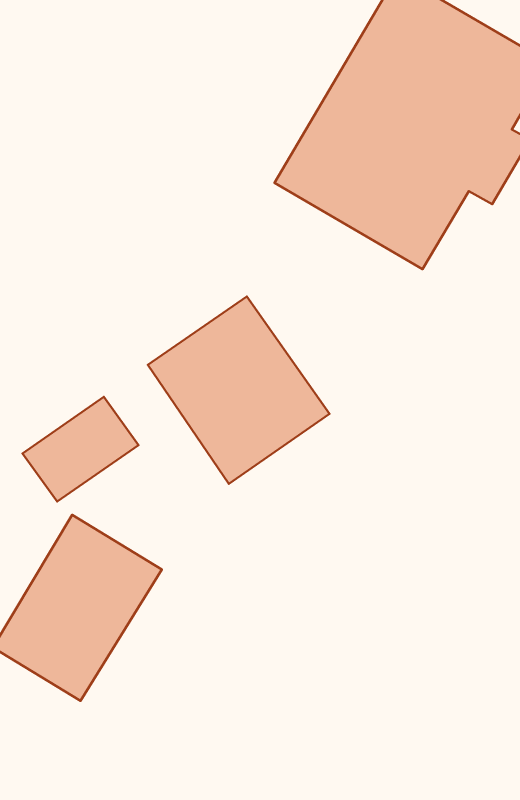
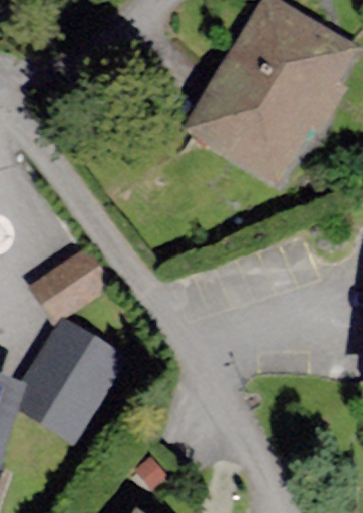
building: [148,297,330,484] -> none

